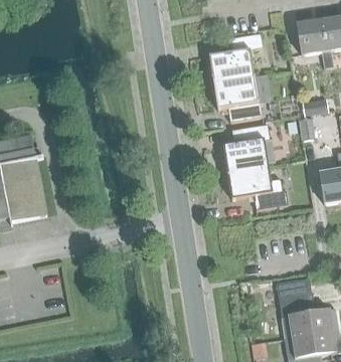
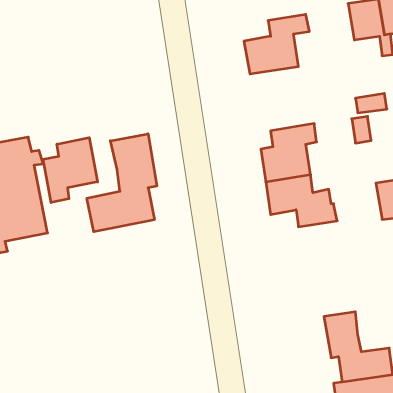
building: [214,75,263,121] -> none
building: none -> [87,134,157,232]
building: none -> [43,138,98,203]

